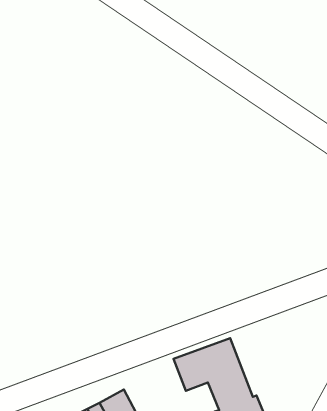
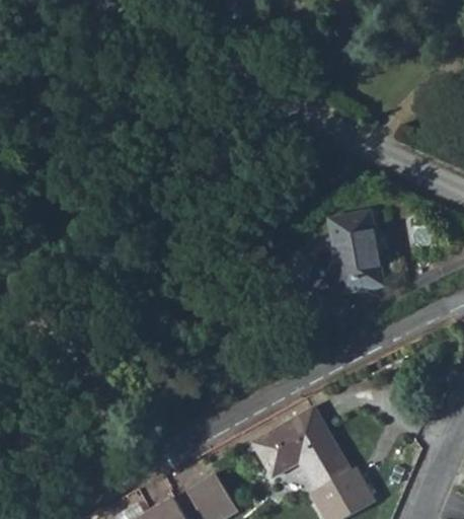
building: none -> [337,213,389,294]

